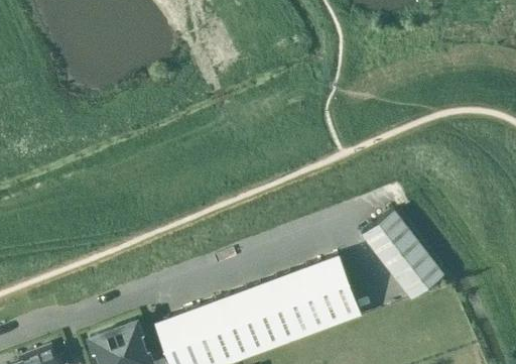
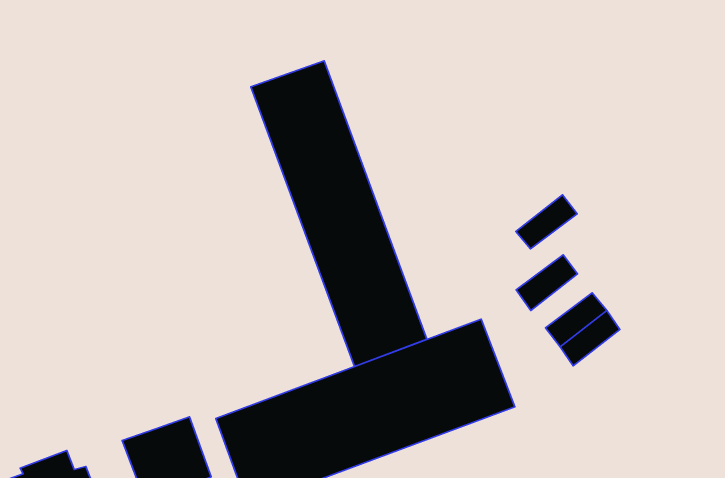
building: none -> [251,61,427,367]
building: [372,223,414,260] -> [516,195,577,249]
building: [401,261,443,298] -> none

